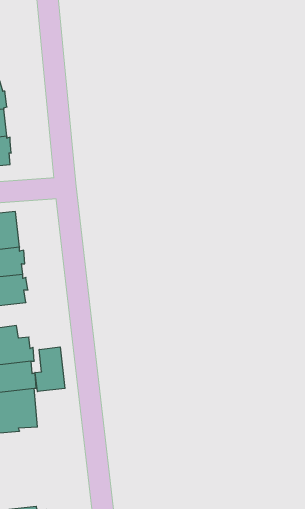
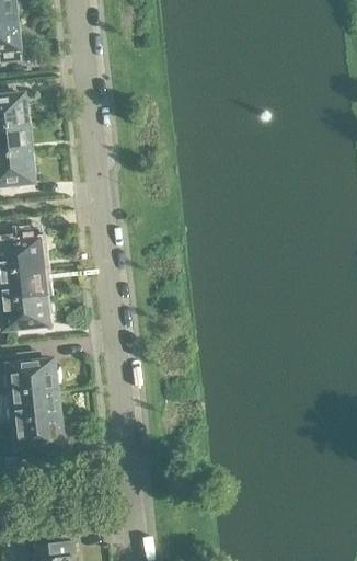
building: [35,347,65,392] -> none

